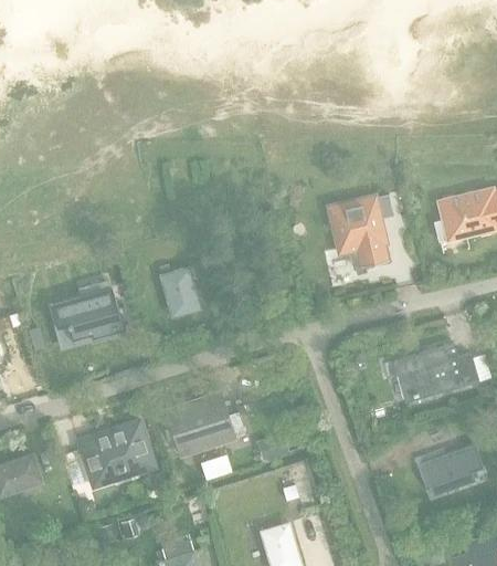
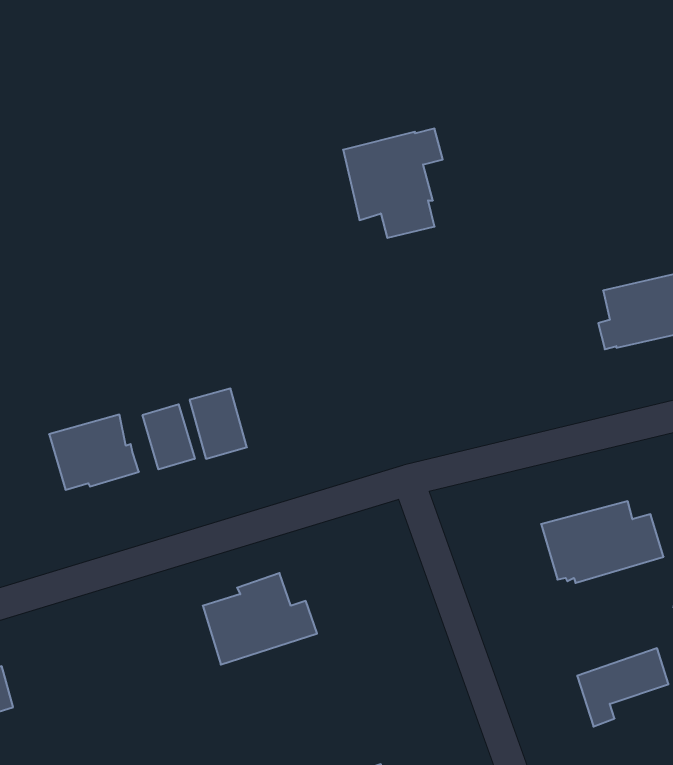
building: [330,202,398,276] -> [343,129,443,238]
building: none -> [143,404,195,469]
building: [77,424,154,488] -> none

